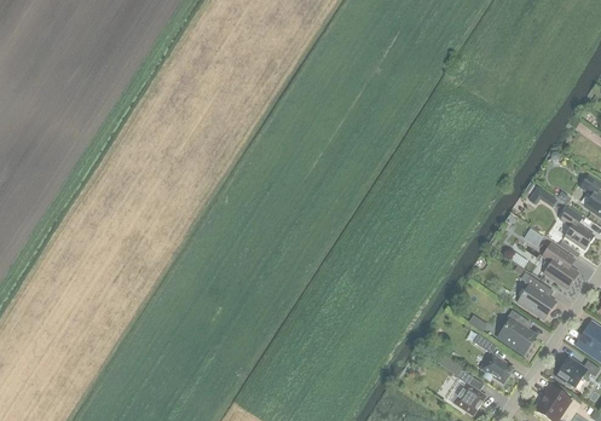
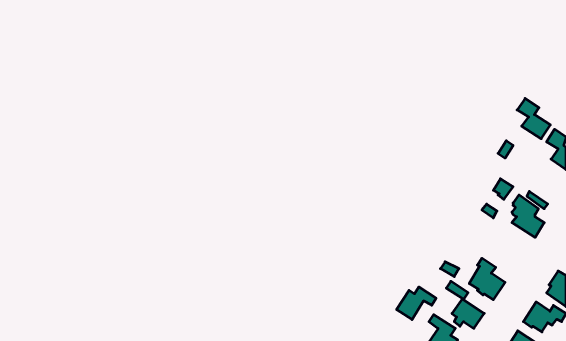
building: [559,207,594,249] -> [517,98,550,139]
building: [518,272,555,318] -> none
building: none -> [397,287,436,320]

